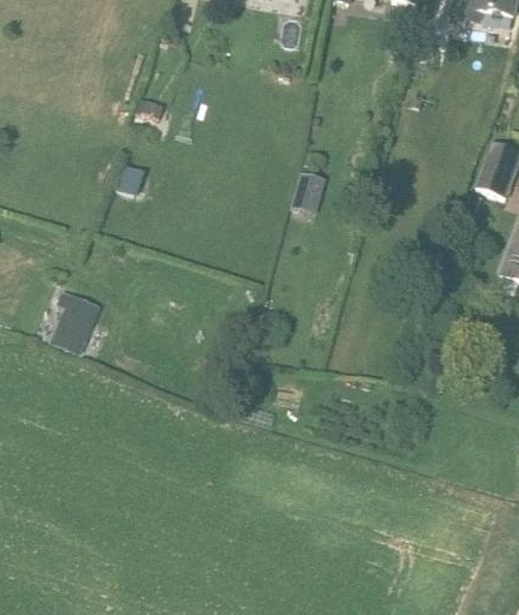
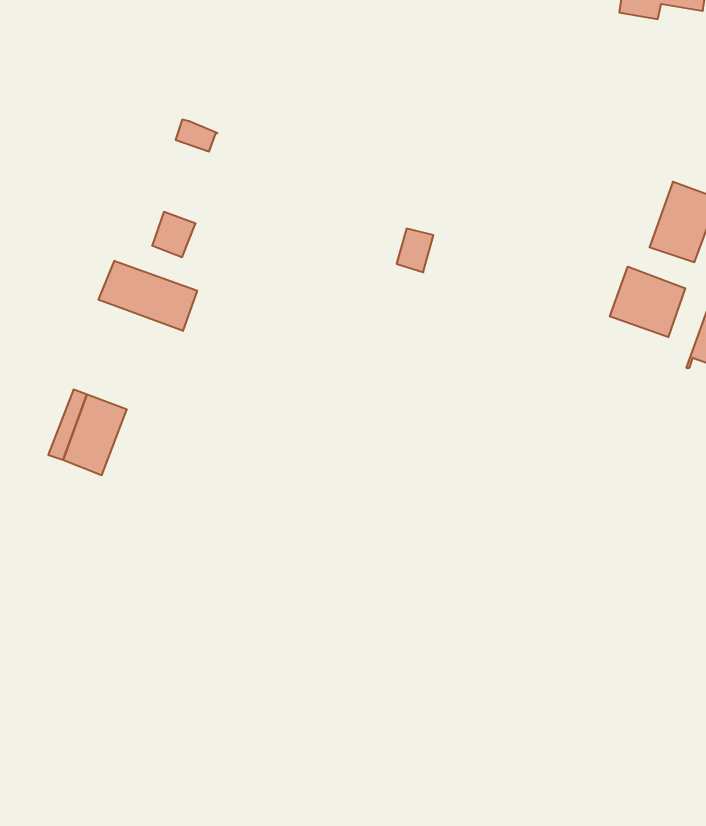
building: none -> [99,261,197,331]
building: none -> [610,267,685,337]

